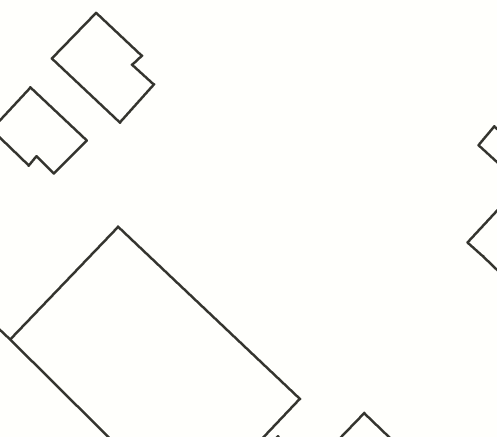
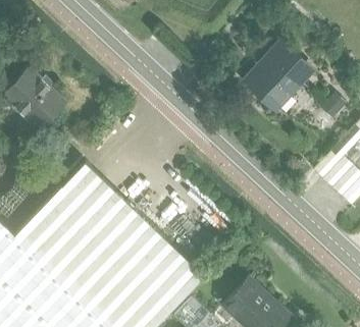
building: [52,13,154,123] -> none
building: none -> [247,41,311,109]

